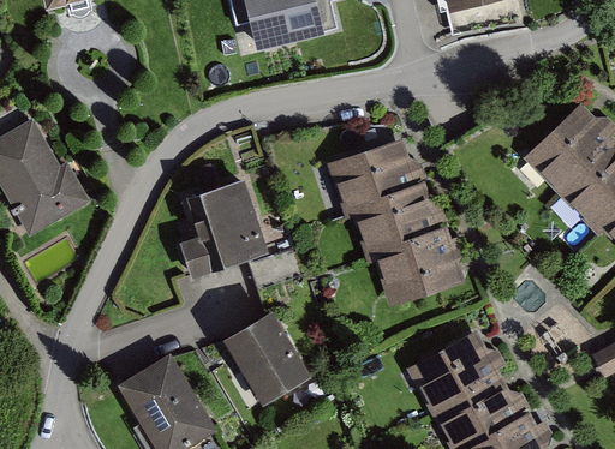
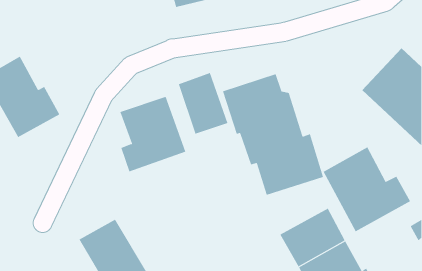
building: none -> [178,72,228,134]
building: none -> [323,147,411,232]
building: [223,304,311,399] -> none

